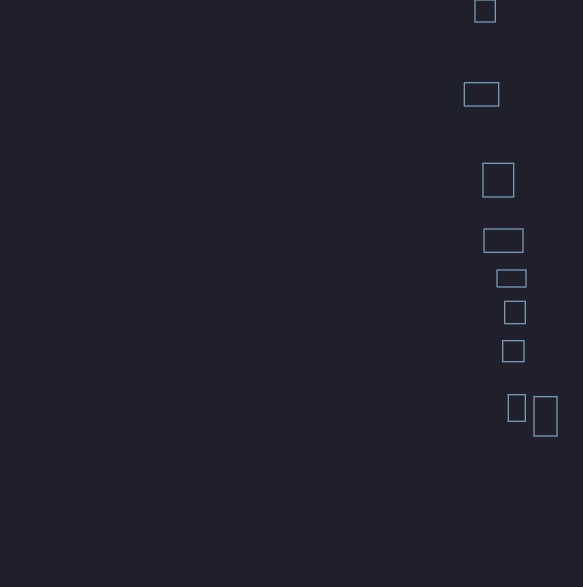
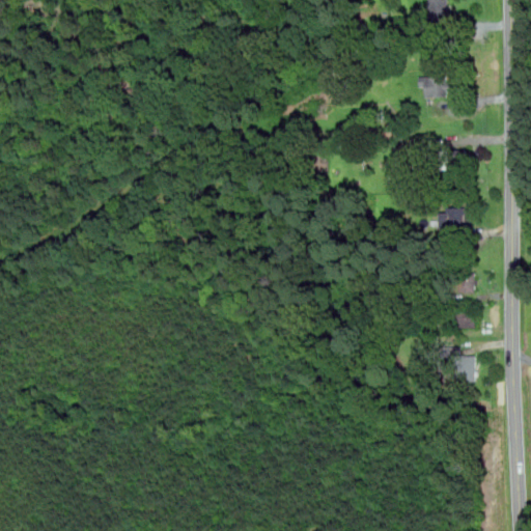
building: [497,270,526,287] -> none
building: [534,396,557,436] -> none

